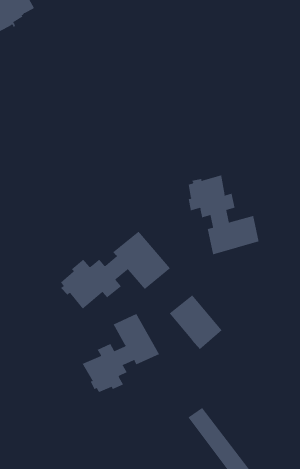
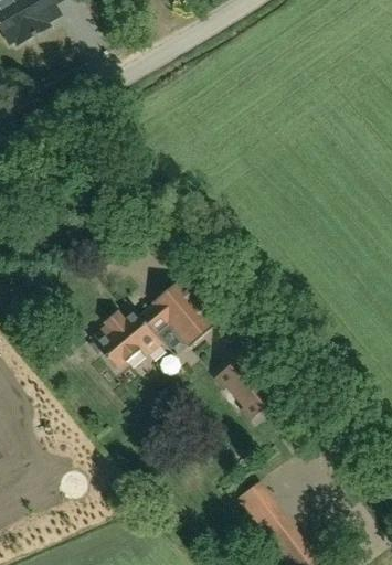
building: [188,174,259,255] -> none
building: [82,313,160,393] -> none

